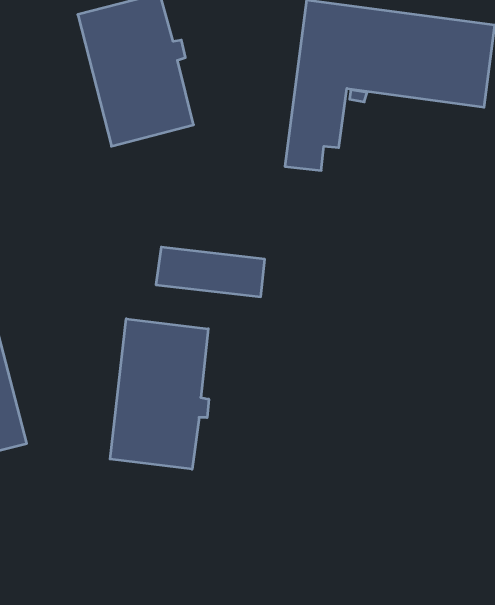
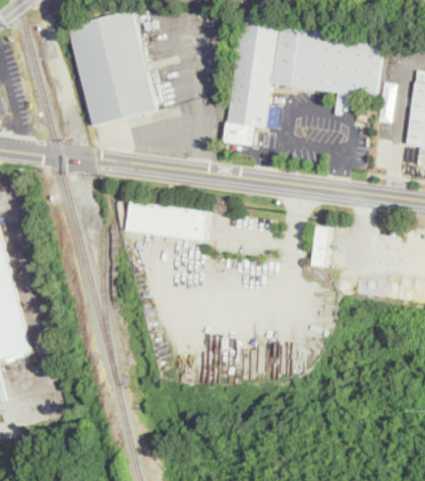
building: none -> [310,224,330,266]
building: [110,319,209,469] -> none

